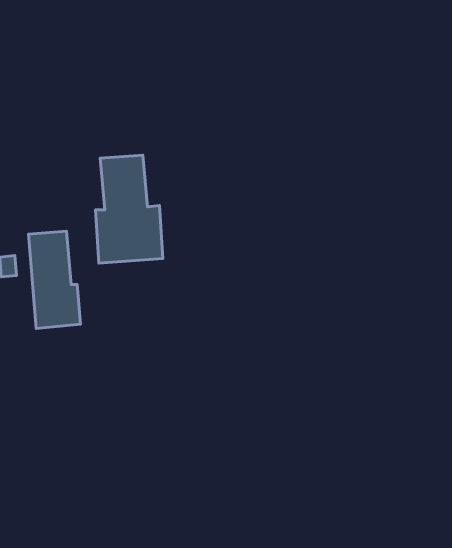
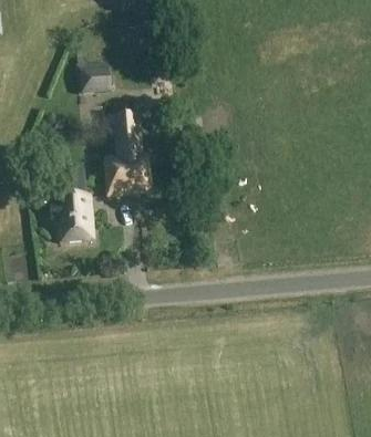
building: none -> [81,64,111,91]

